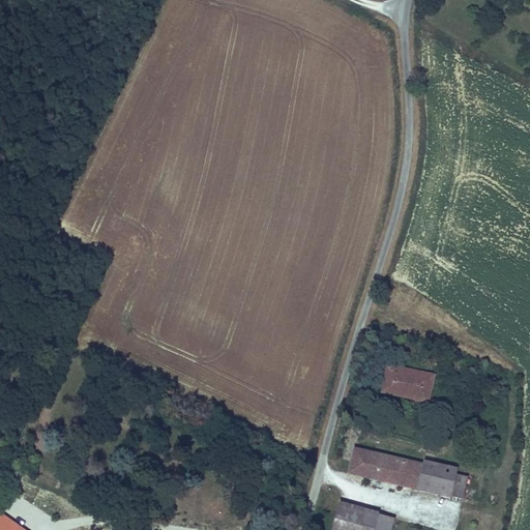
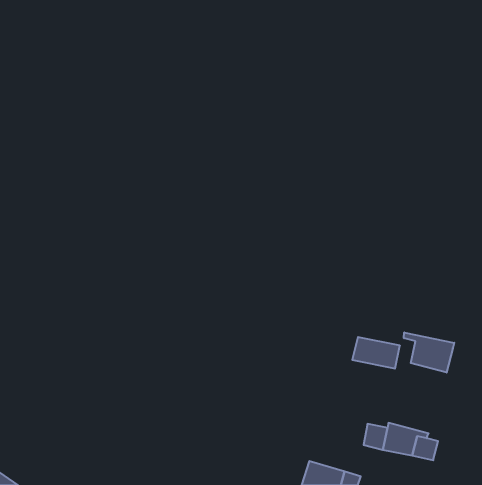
building: none -> [404,332,454,373]
building: [346,447,399,482] -> none

